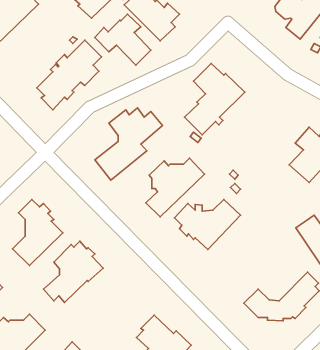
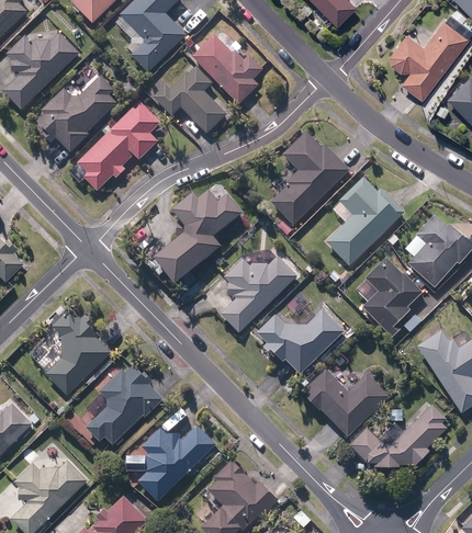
building: none -> [36,76,116,152]
building: none -> [328,177,404,263]
building: none -> [362,258,423,338]
building: none -> [301,368,390,438]
building: none -> [137,427,215,500]

